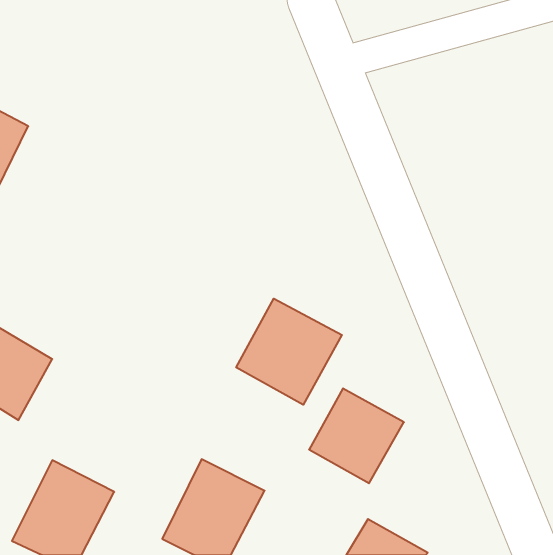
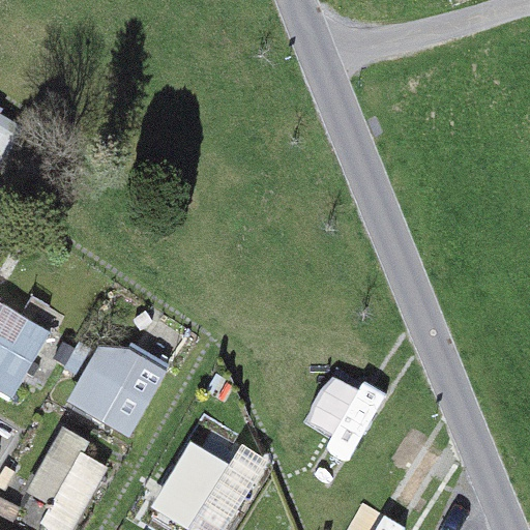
building: [236,299,342,405] -> none
building: none -> [66,332,164,438]

